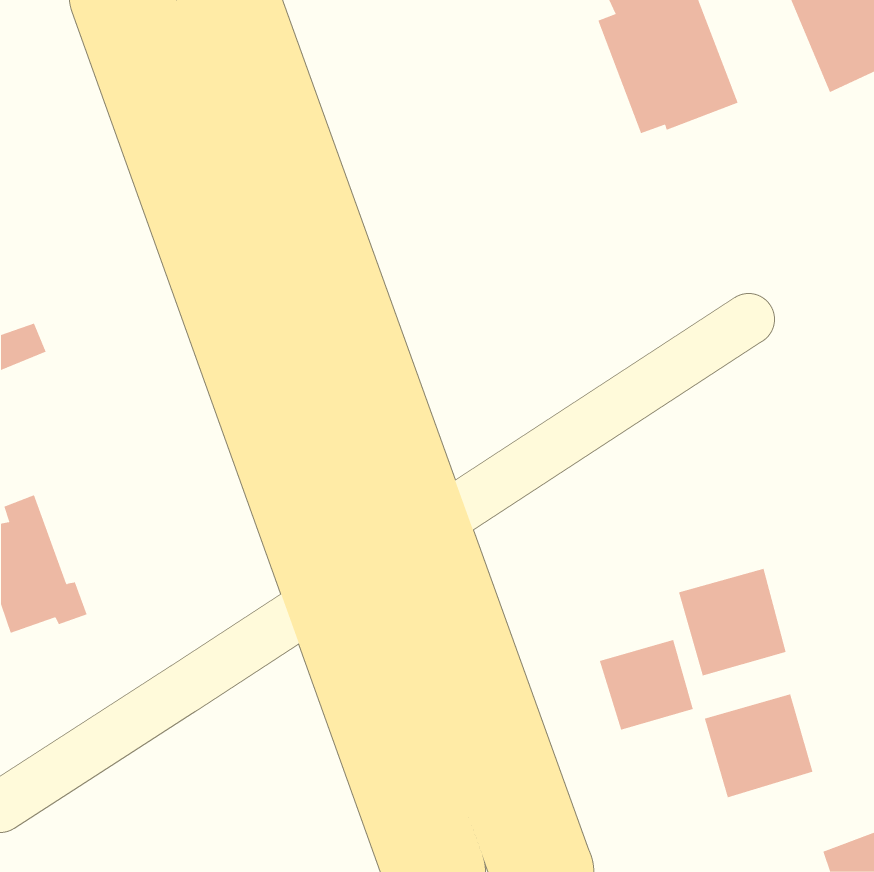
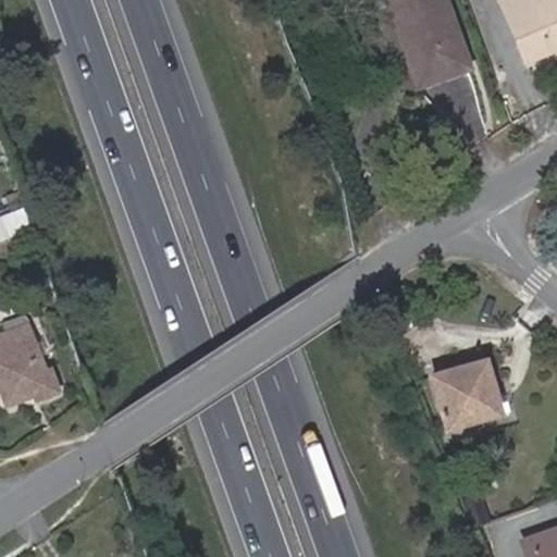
building: [599,639,693,730] -> none
building: [704,693,813,798] -> none

